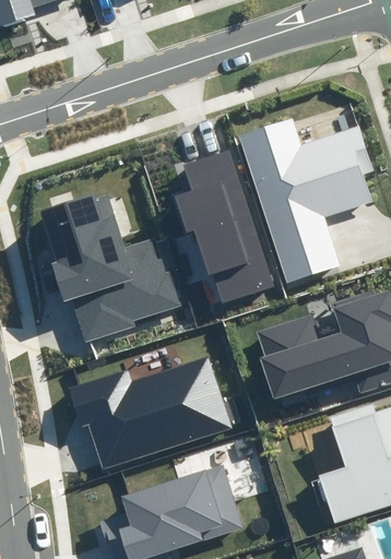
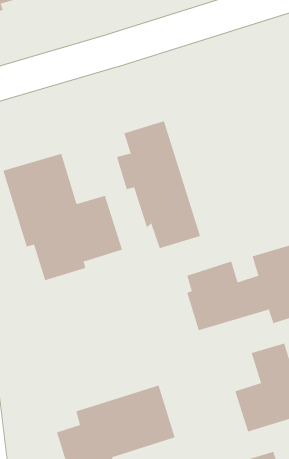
building: [234,115,374,285] -> none
building: [67,356,234,469] -> none

